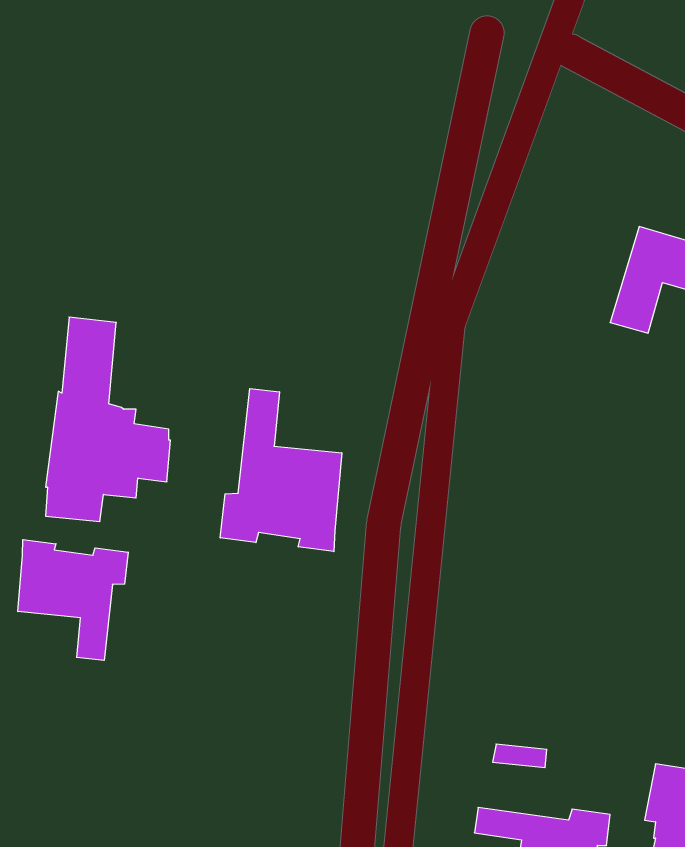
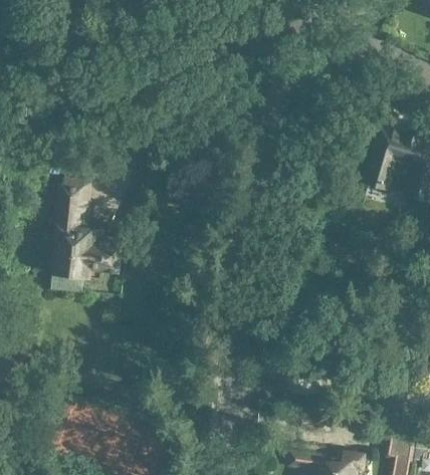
building: [220,389,342,552] -> none
building: [18,540,128,660] -> none

